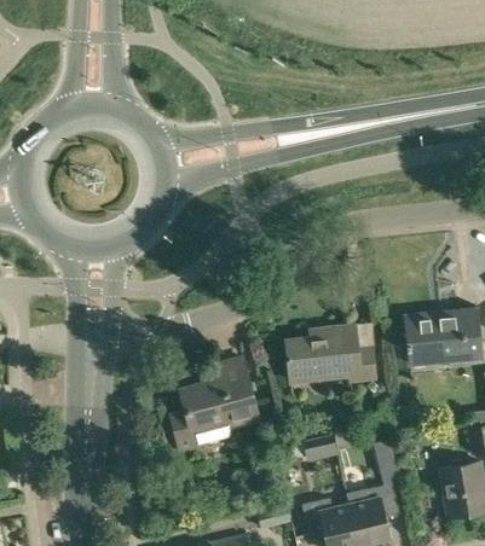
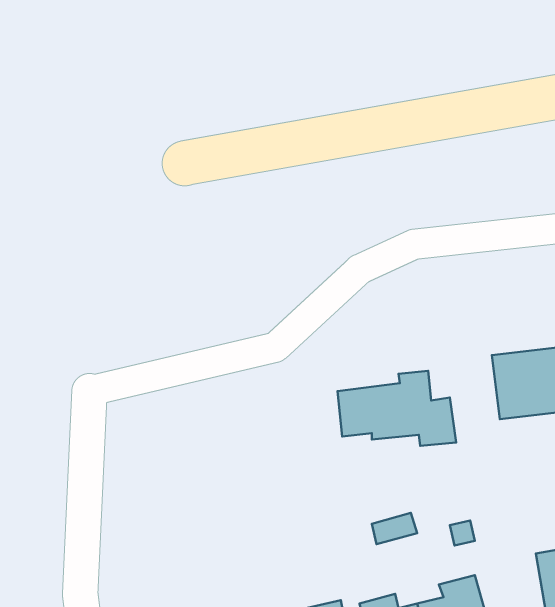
building: [168,359,258,454] -> none

